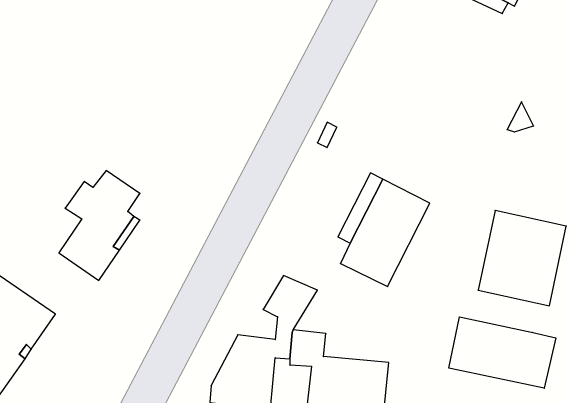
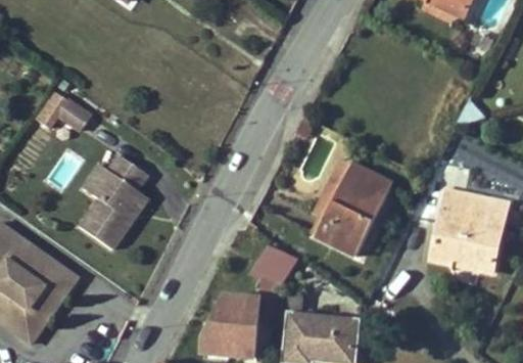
building: none -> [35,90,90,142]
building: [449,317,556,388] -> none

